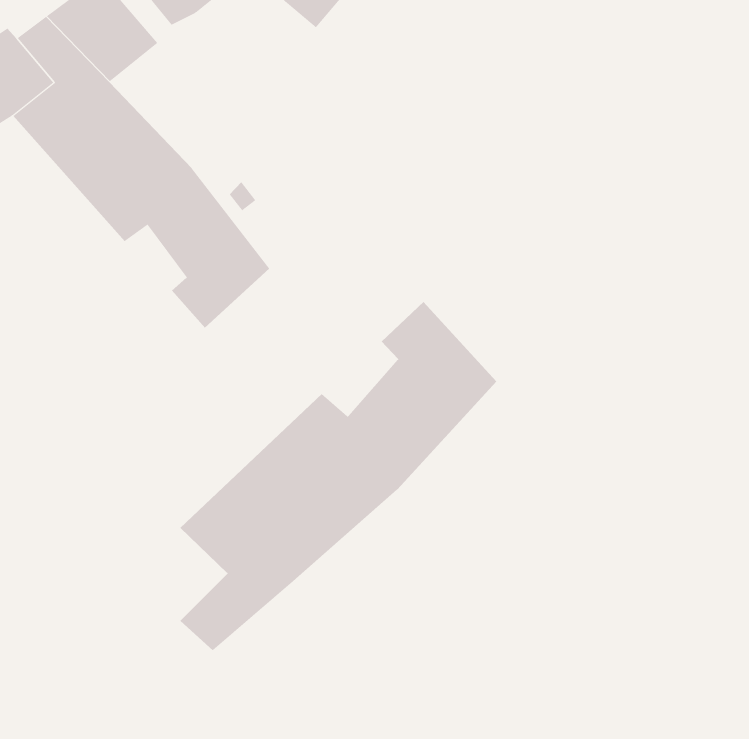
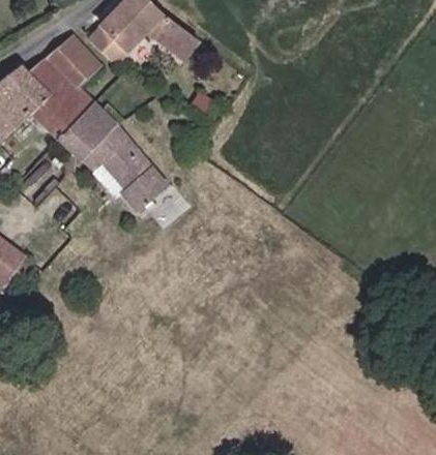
building: [180,301,497,651] -> none

